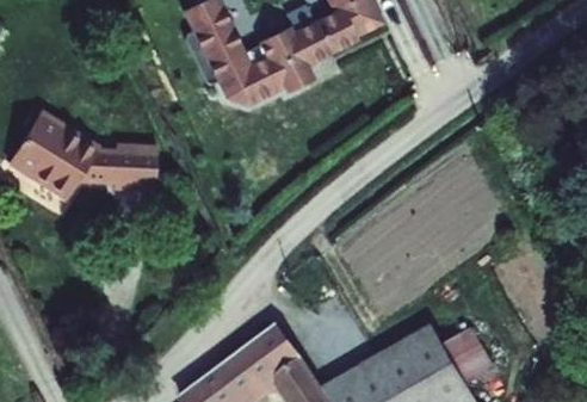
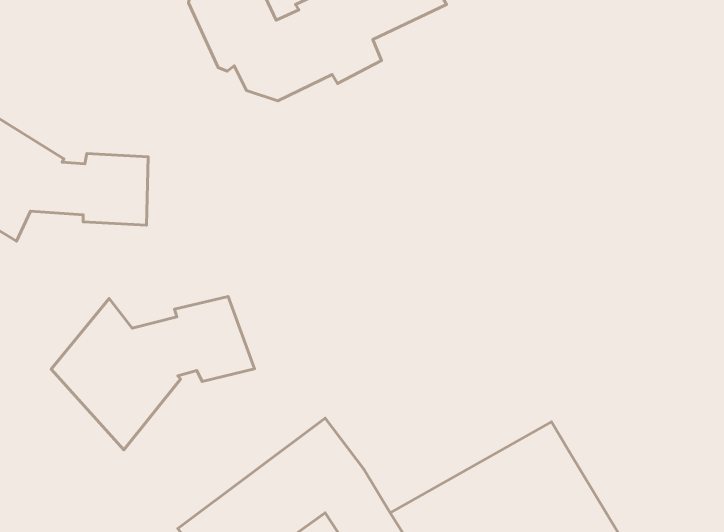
building: none -> [51,296,255,450]
building: [443,328,496,385] -> none

